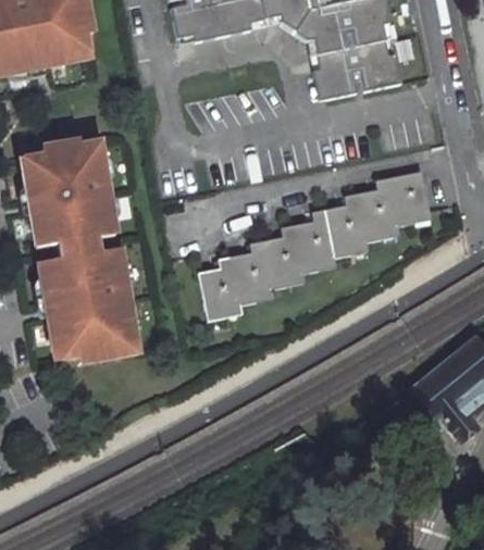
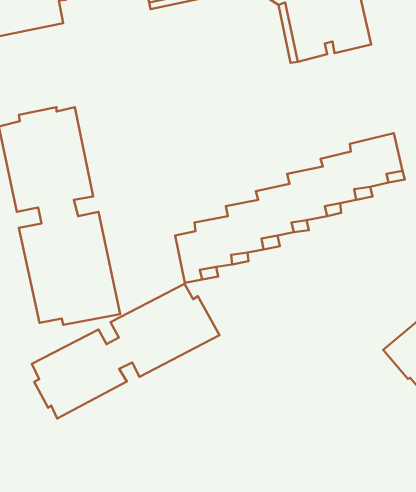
building: none -> [32,284,219,418]

